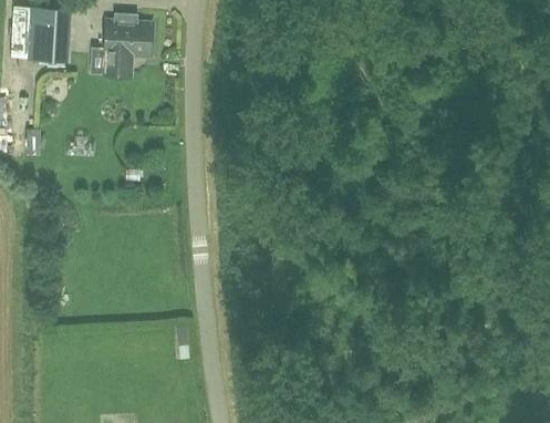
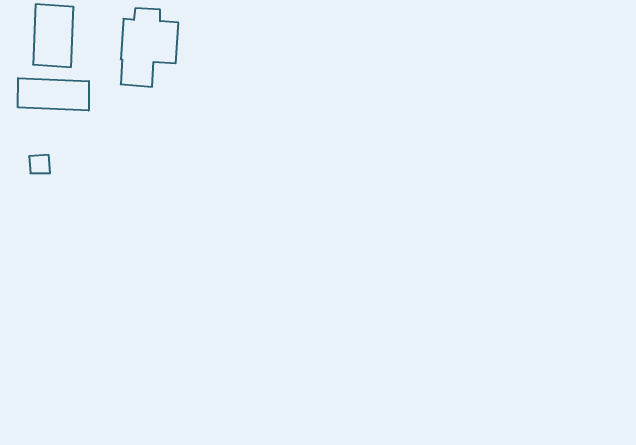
building: none -> [18,78,89,111]

